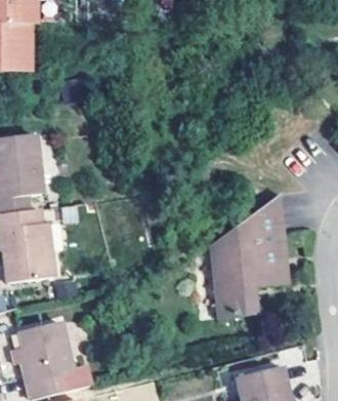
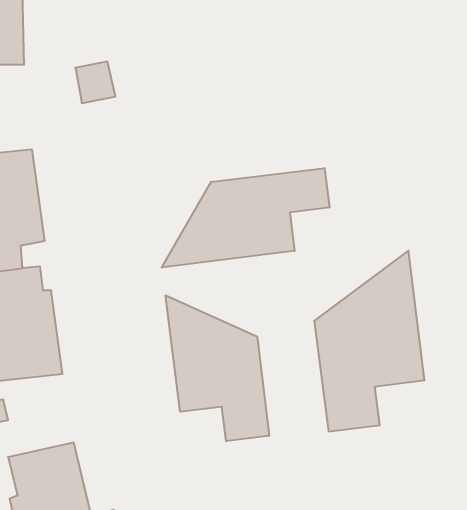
building: none -> [162,168,329,268]
building: none -> [166,295,269,441]

